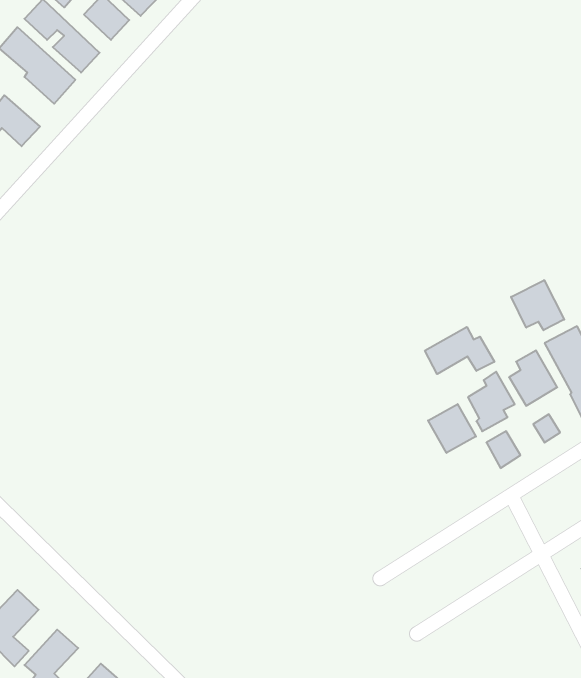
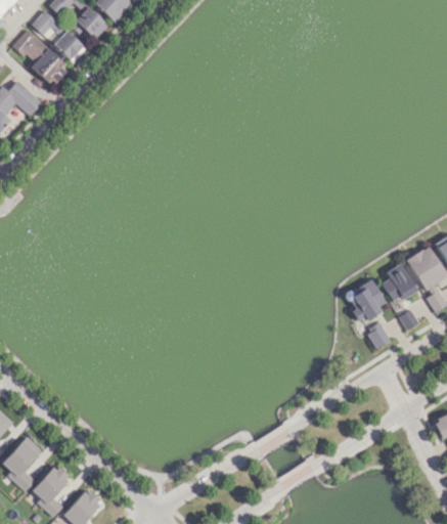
building: [511,280,564,330] -> none
building: [425,327,494,374] -> none
building: [428,404,476,453] -> none

